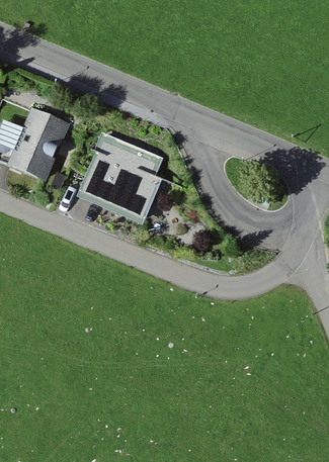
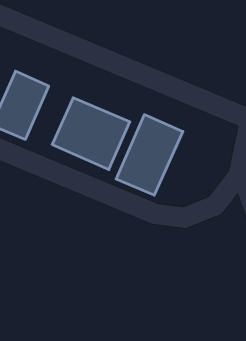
building: none -> [116,115,183,195]

